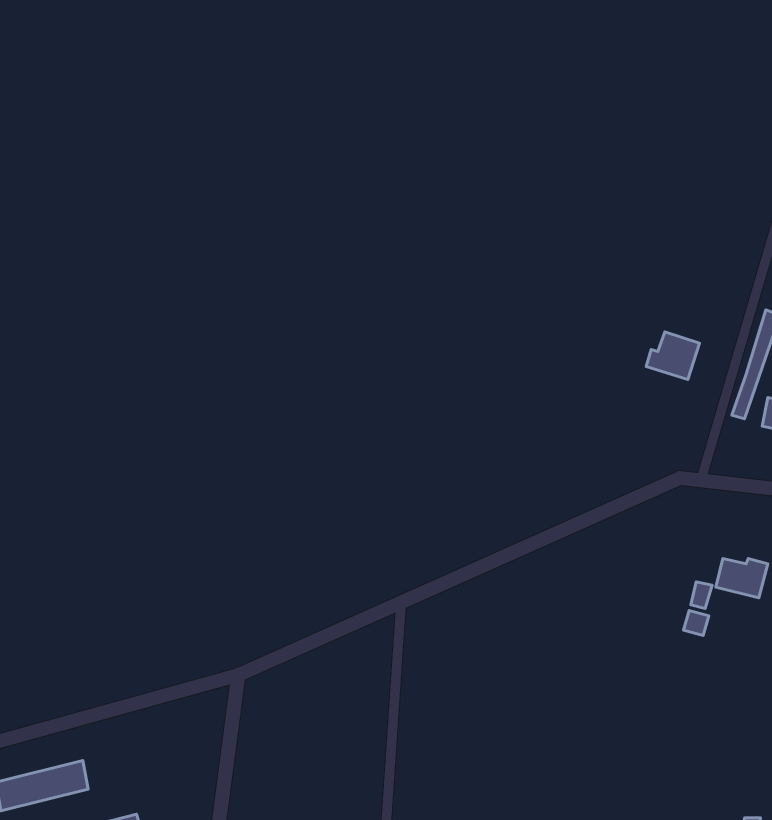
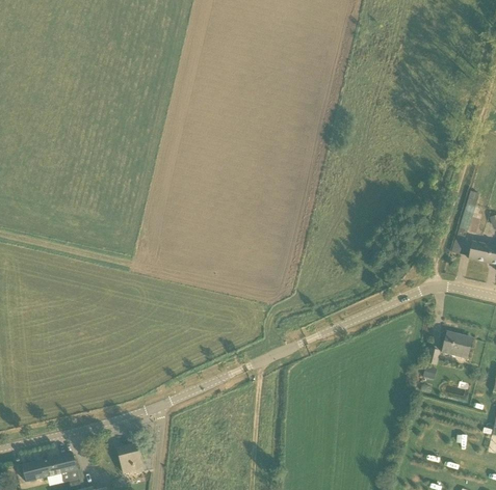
building: [646,332,700,380] -> none
building: none -> [119,444,143,474]

